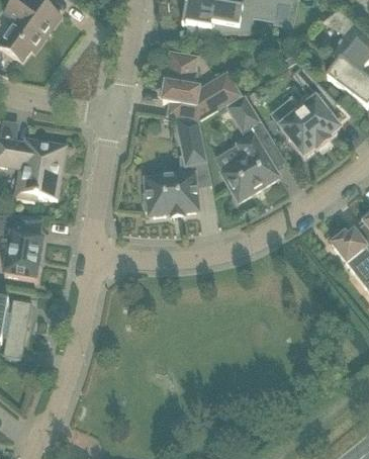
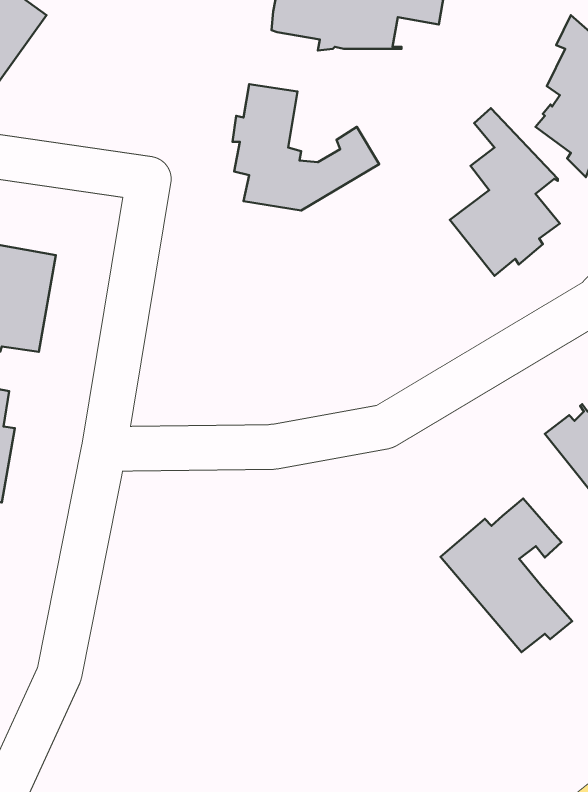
building: [220,92,278,198] -> none
building: [175,116,206,163] -> none
building: [143,171,198,213] -> none
building: none -> [441,499,572,652]

